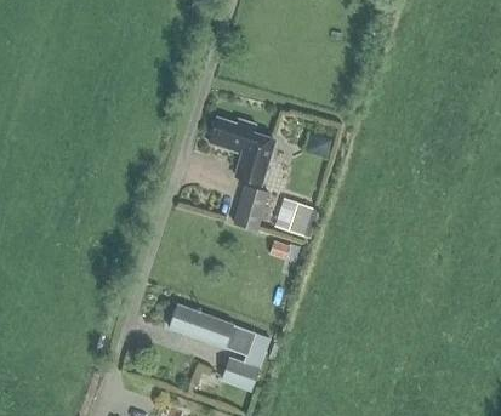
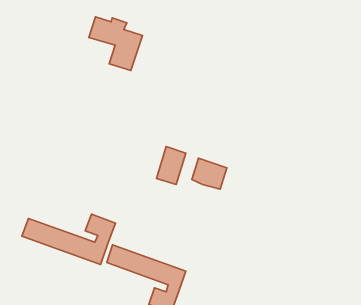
building: [210,118,277,184] -> [89,17,143,71]
building: none -> [22,214,115,264]

